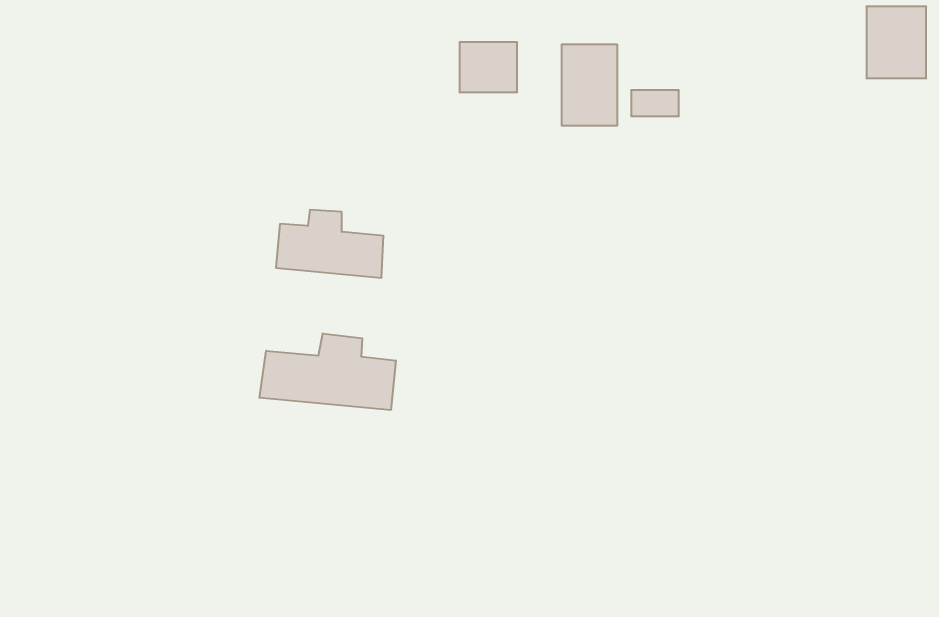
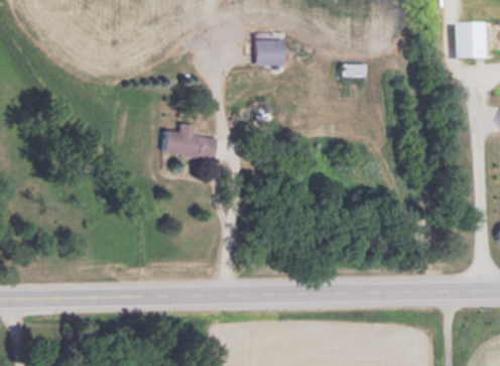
building: [562,44,617,126] -> none
building: [259,333,396,410] -> none

